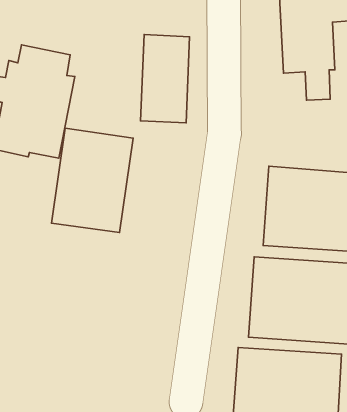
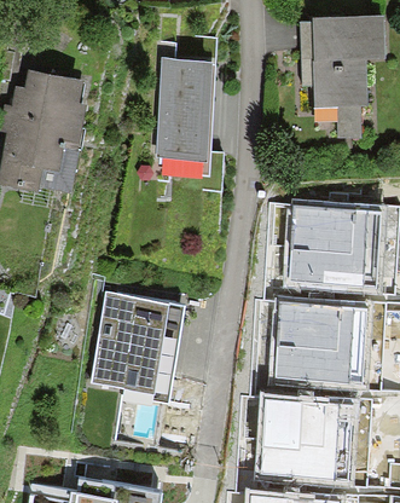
building: [51,128,133,232] -> [88,285,175,397]

